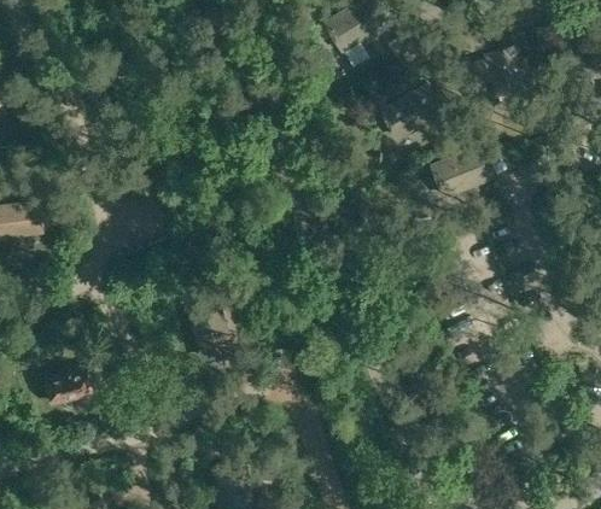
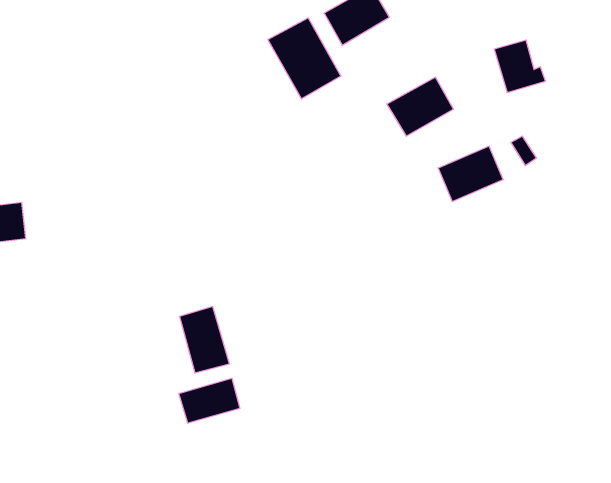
building: none -> [268,18,341,99]
building: none -> [179,378,240,423]
building: [46,373,94,402] -> none

